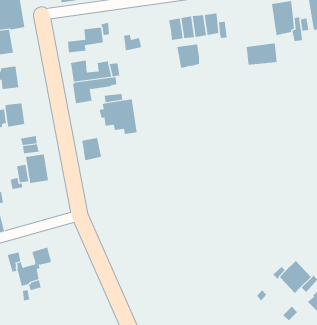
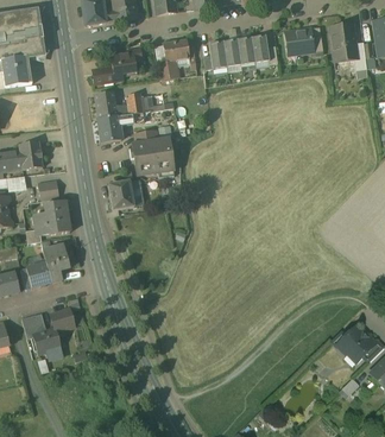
building: [246,43,278,65] -> [285,26,322,52]
building: [176,44,200,68] -> [162,38,189,66]
building: none -> [26,243,70,286]

